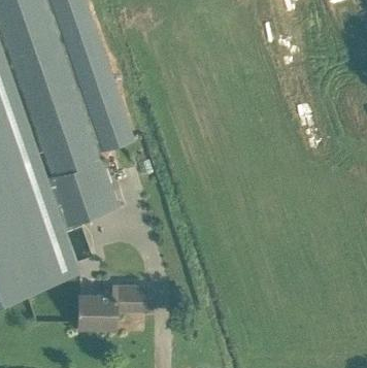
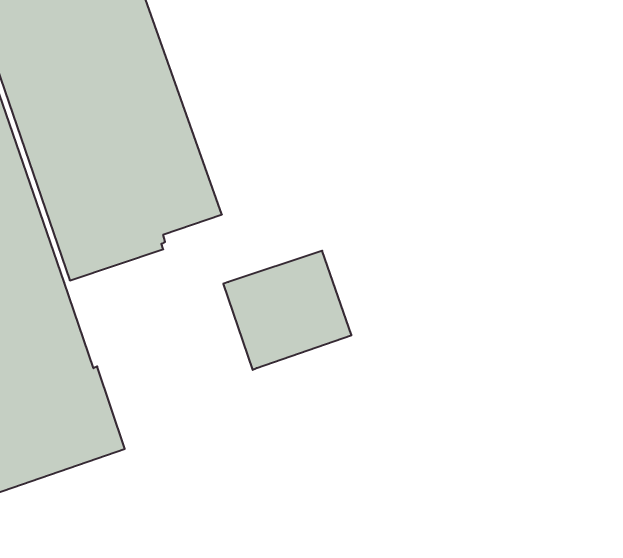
building: [43,162,115,229] -> [223,251,352,370]
building: [77,289,143,329] -> none

